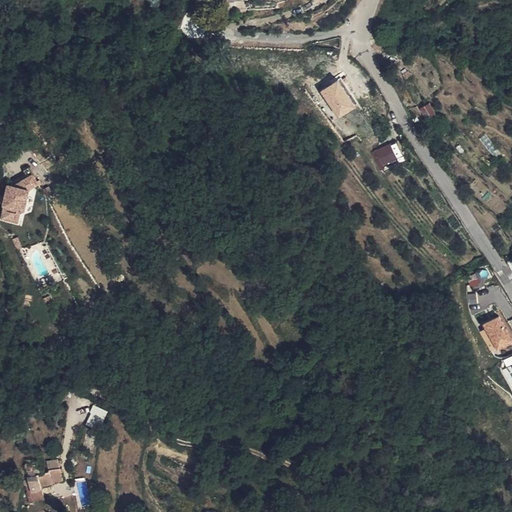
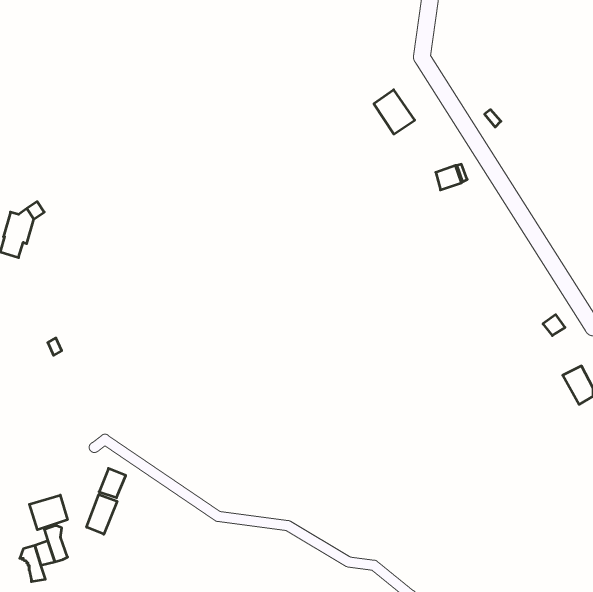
building: none -> [87,494,117,534]
building: none -> [29,495,67,530]

